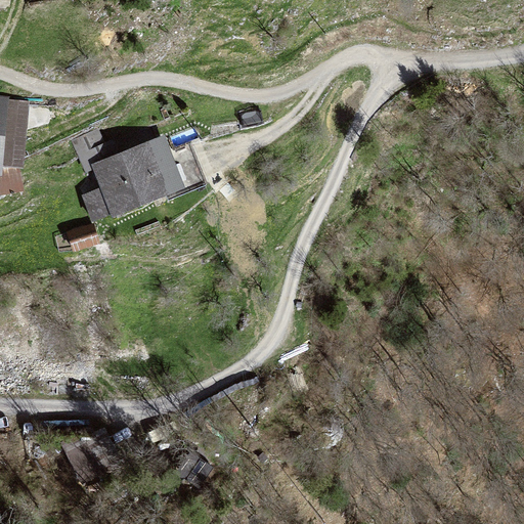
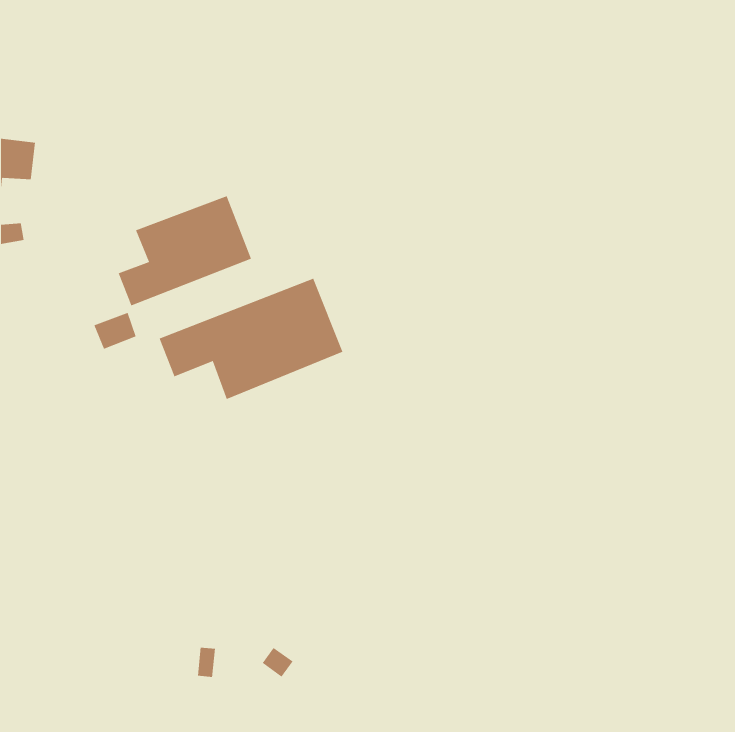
building: none -> [159,278,343,400]

